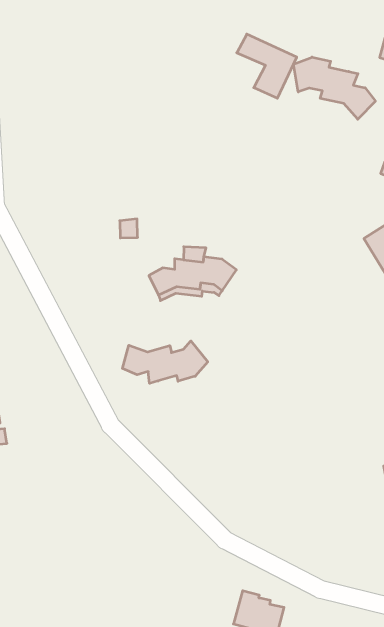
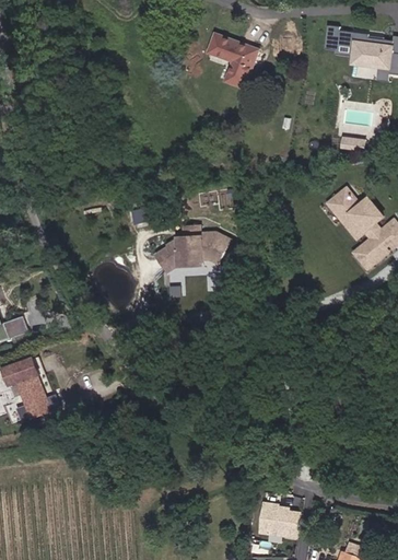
building: [293,57,375,119] -> none
building: [122,341,208,383] -> none

